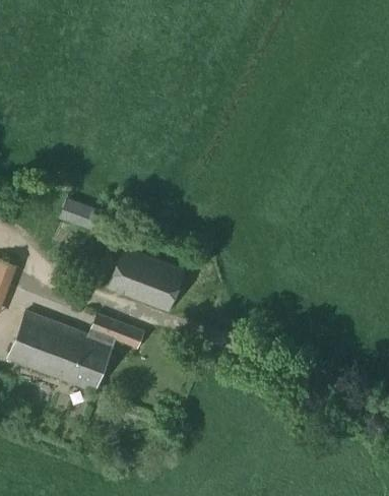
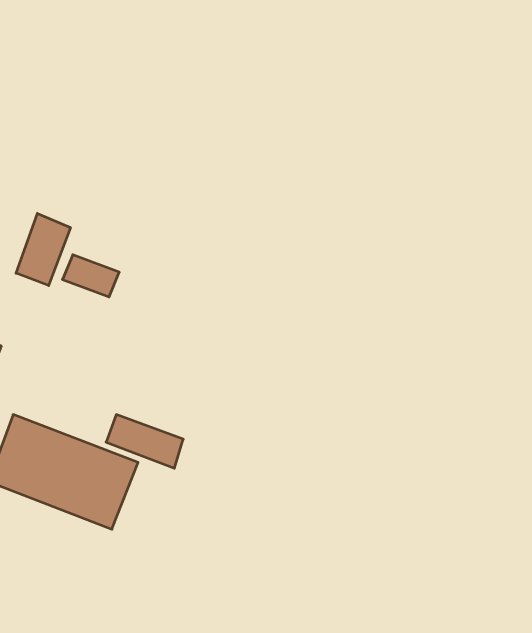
building: none -> [16,213,70,286]
building: [108,245,185,314] -> none

